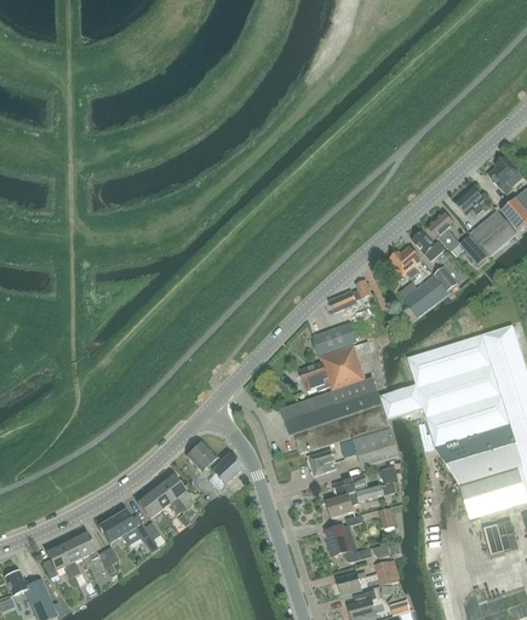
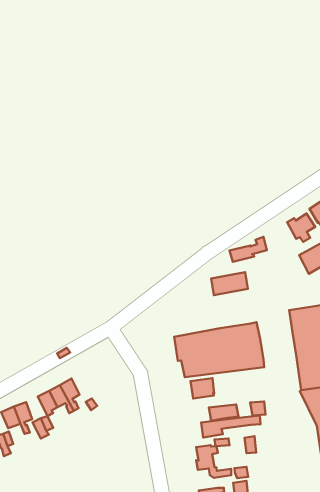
building: [299,339,371,390] -> none
building: [379,384,423,418] -> none
building: [354,427,399,465] -> none
building: [187,440,244,483] -> none

